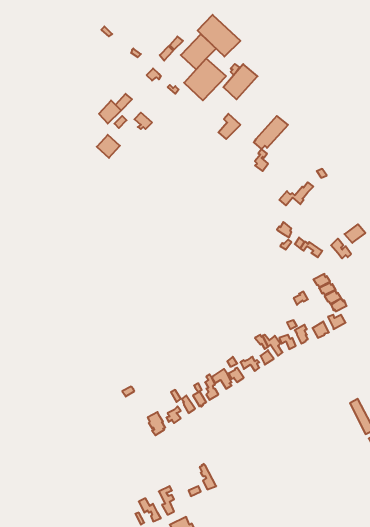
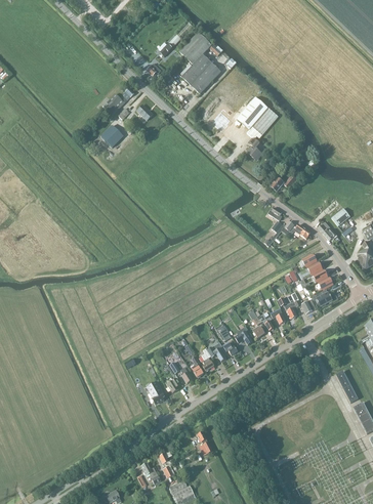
building: [198,15,240,57] -> none
building: [223,64,258,99] -> [236,96,267,129]

